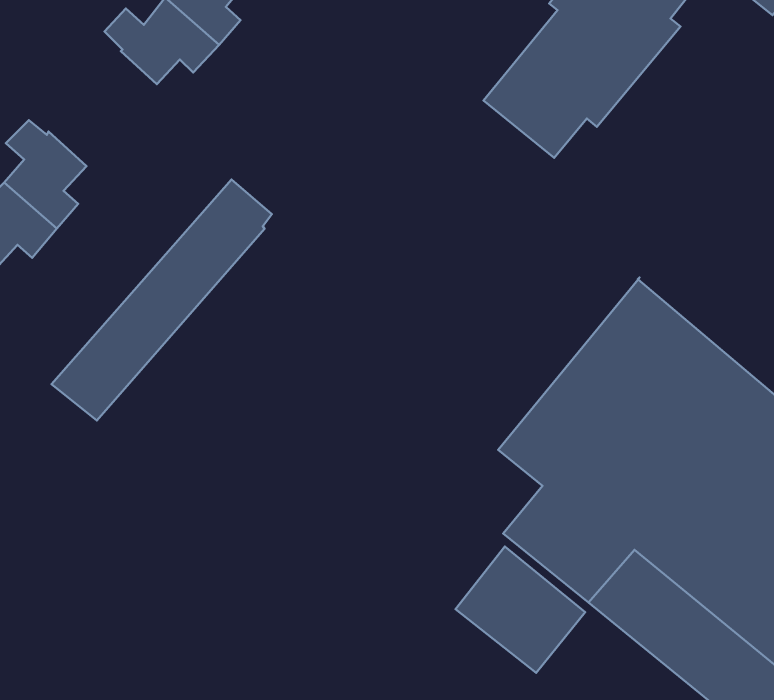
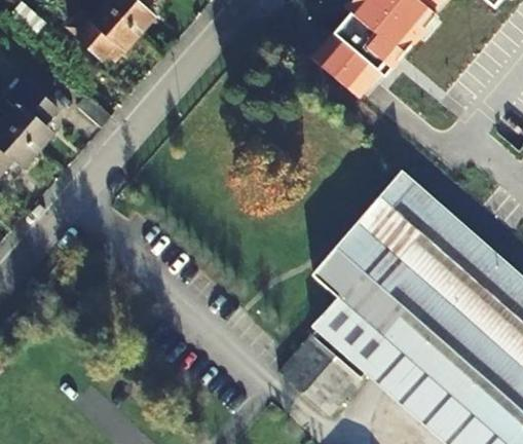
building: [52,180,272,421] -> none

